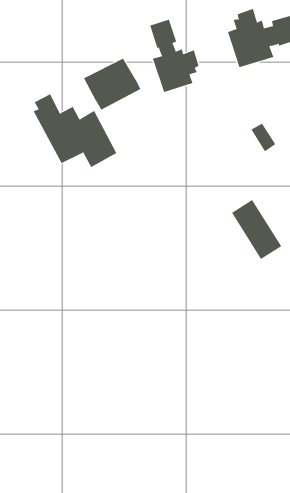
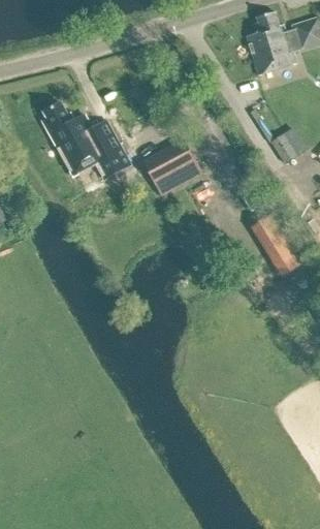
building: [149,19,199,93] -> none
building: [83,58,141,111] -> [141,138,202,194]

